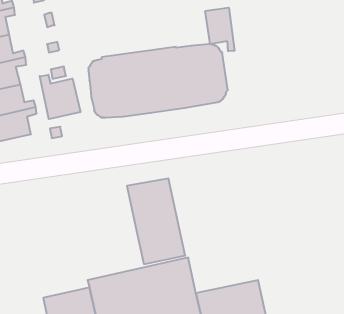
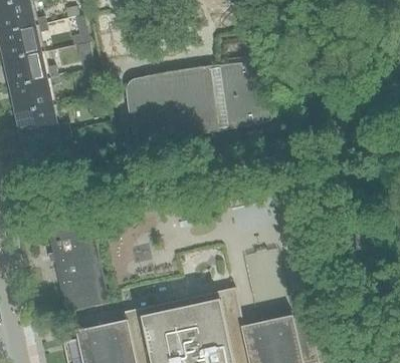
building: [205,8,235,51] -> none
building: [40,75,80,119] -> none
building: [127,178,185,264] -> [46,221,109,312]

